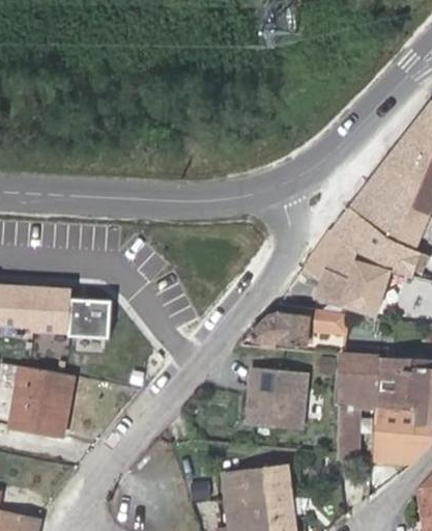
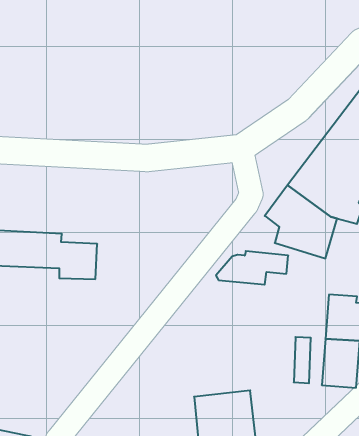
building: [341,354,379,408] -> none
building: [9,367,77,439] -> none
building: [246,367,308,429] -> none

